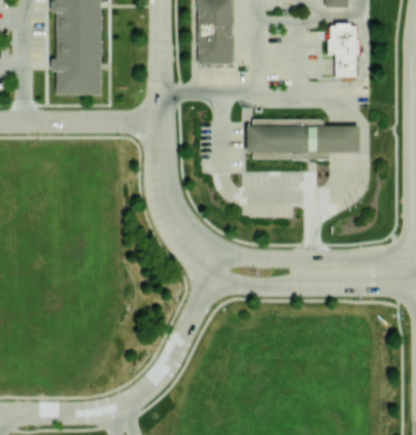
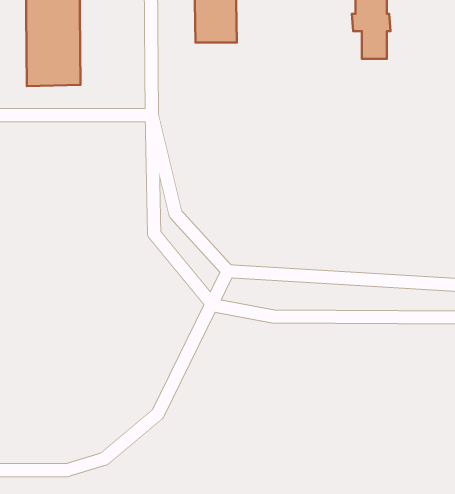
building: [247,128,360,154] -> none

